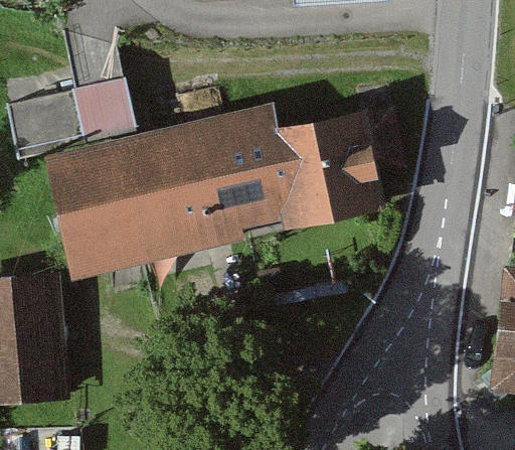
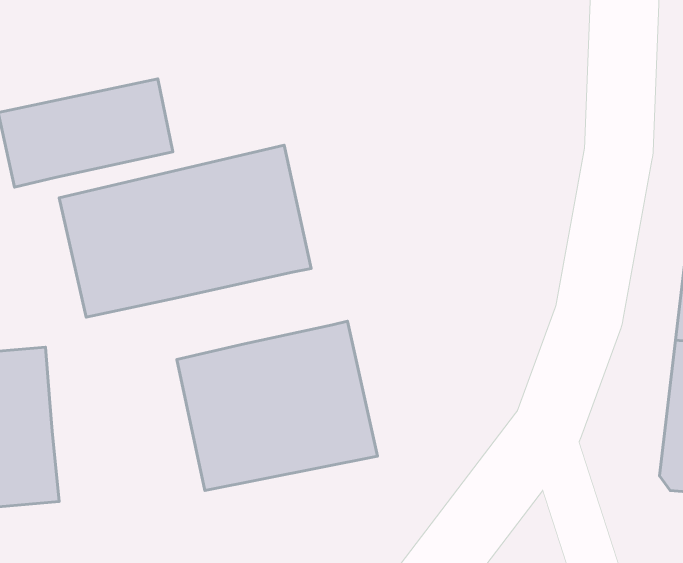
building: [217,110,400,223] -> none
building: none -> [177,321,377,490]

